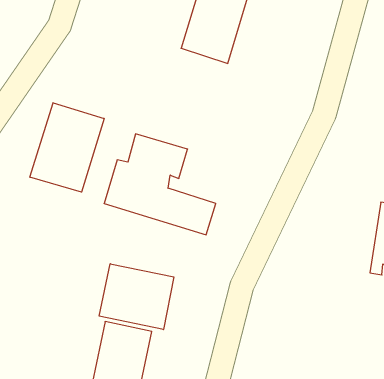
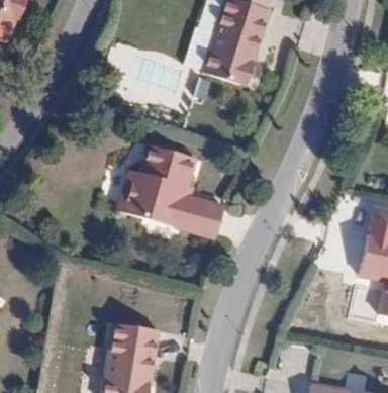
building: [30,103,104,192] -> none
building: [99,264,174,330] -> none

